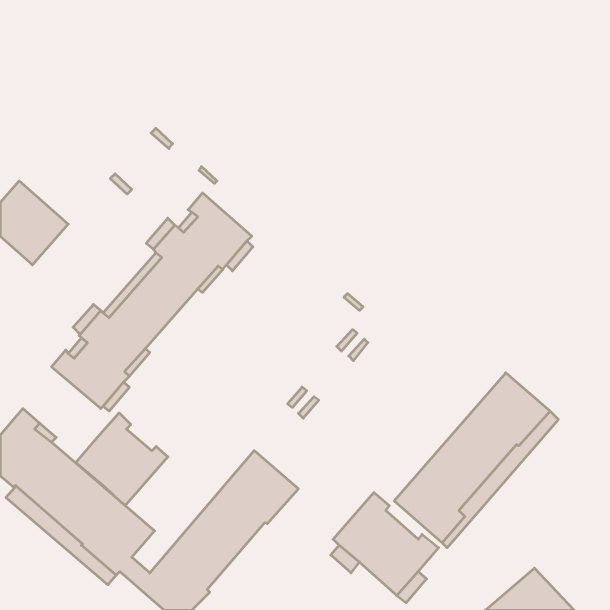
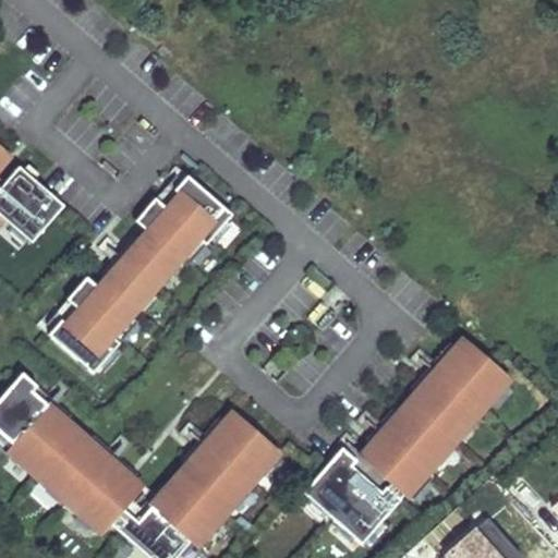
building: [76,413,168,505] -> none

